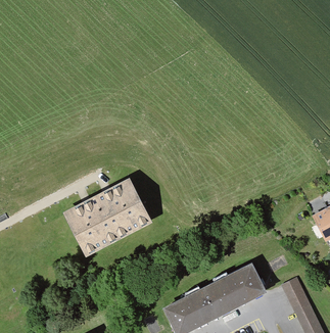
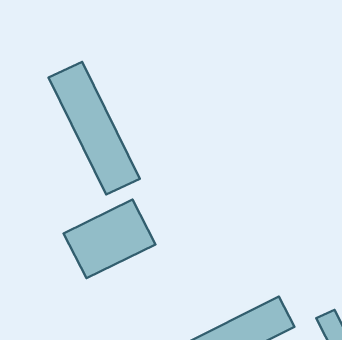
building: none -> [49,62,140,195]

